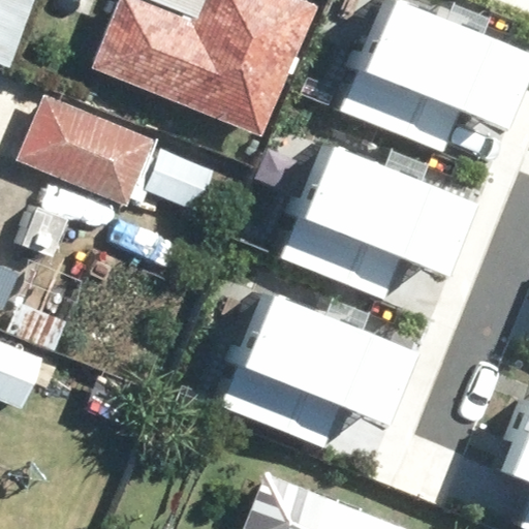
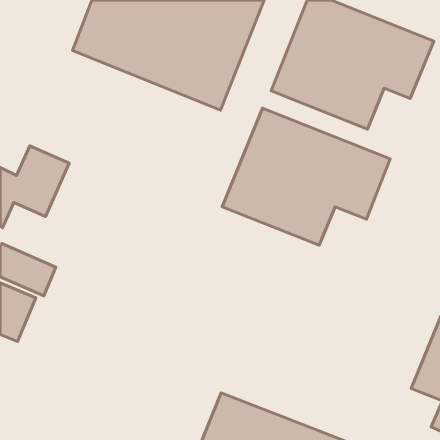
building: [22,95,222,216] -> none
building: [216,274,408,438] -> none

